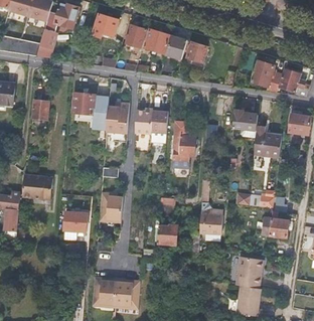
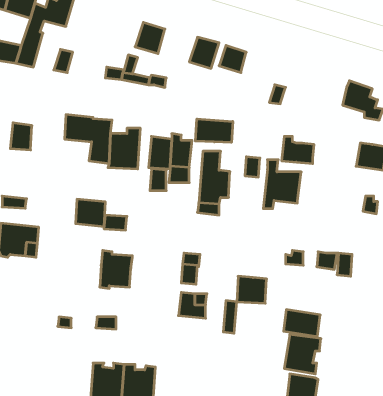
building: [93,13,119,37] -> none
building: [145,28,170,52] -> none
building: [251,59,282,92] -> none
building: none -> [195,119,233,142]
building: [254,125,282,161] -> [263,160,301,209]
building: [64,210,87,230] -> [76,199,105,226]
building: [262,216,289,236] -> [284,310,320,337]

